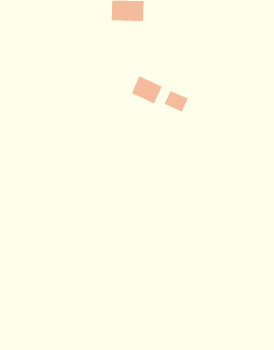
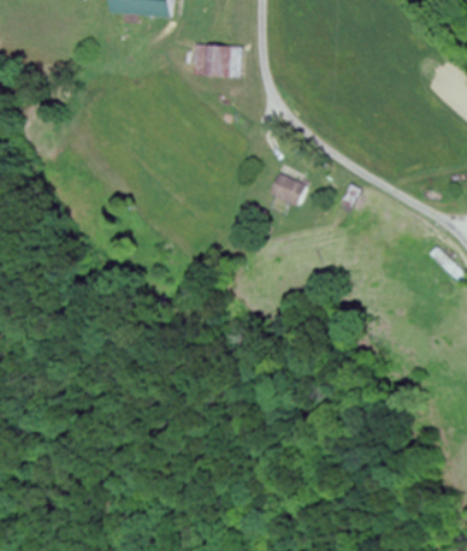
building: [131,75,163,104] -> none

